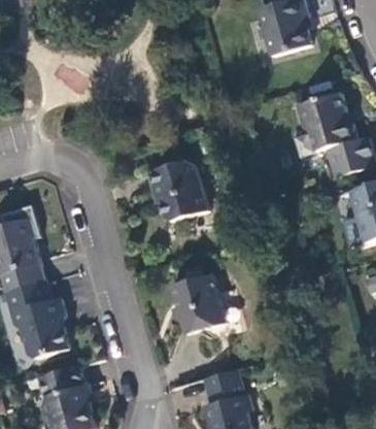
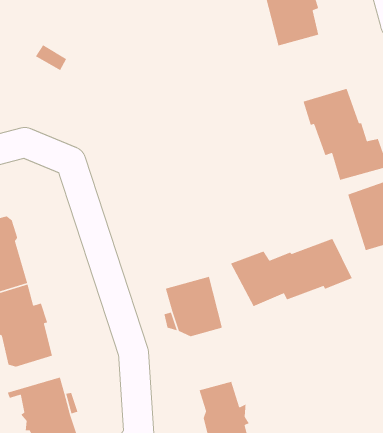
building: [148,157,209,218] -> none
building: none -> [230,238,353,307]

